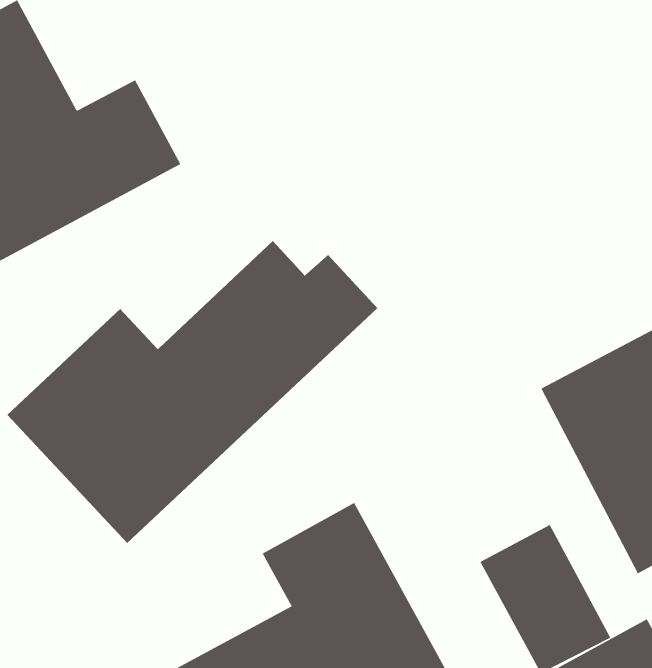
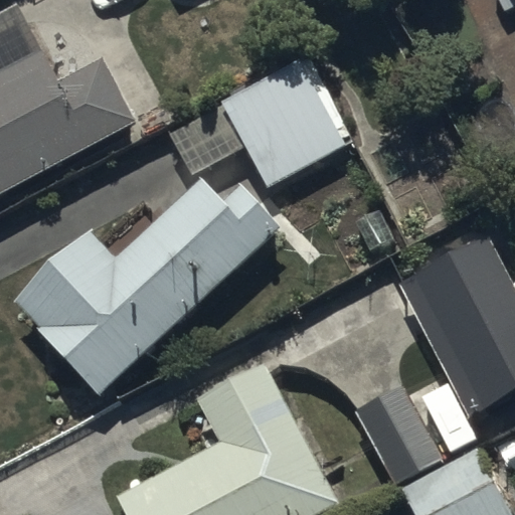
building: none -> [220,57,353,190]

